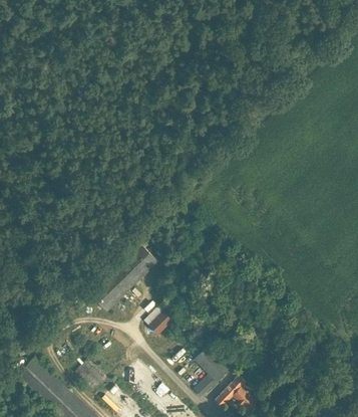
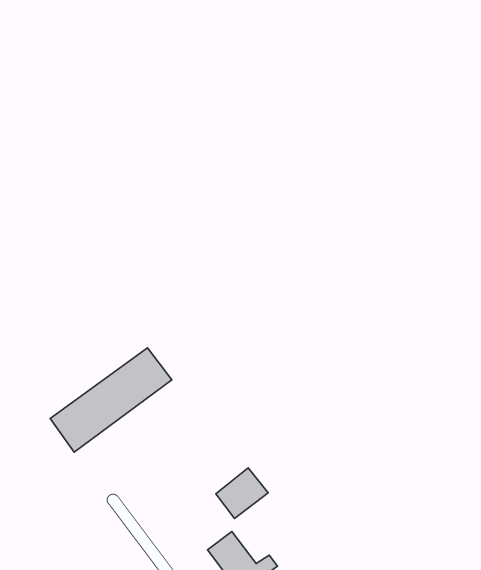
building: [142,303,173,335] -> [216,468,268,518]

